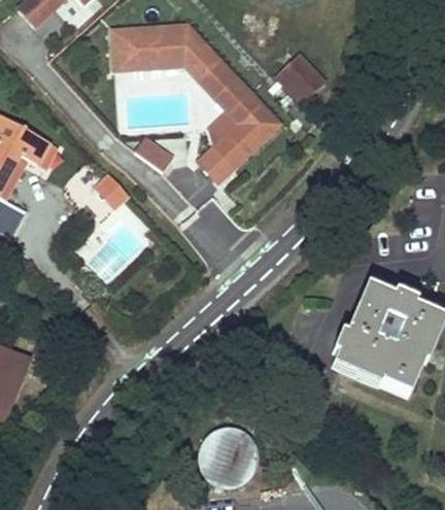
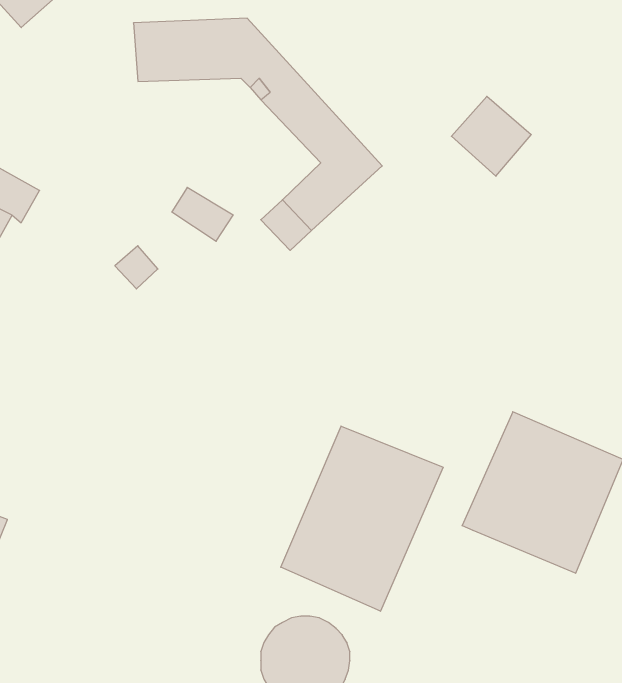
building: [275,56,329,109] -> [451,96,531,176]
building: none -> [281,426,443,611]

